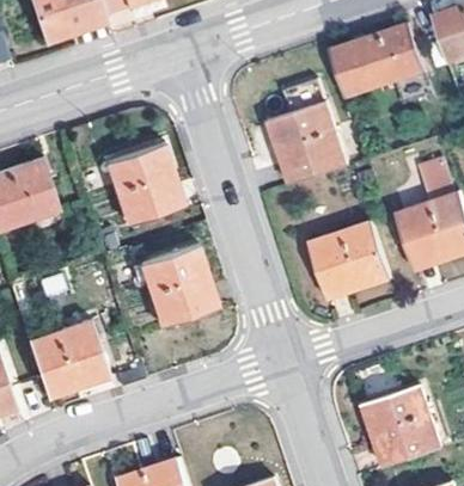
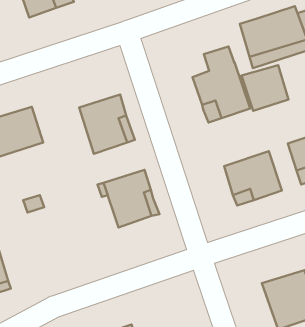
building: none -> [242,65,289,111]
building: [29,321,110,399] -> none

